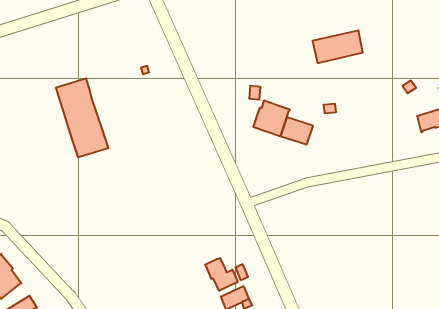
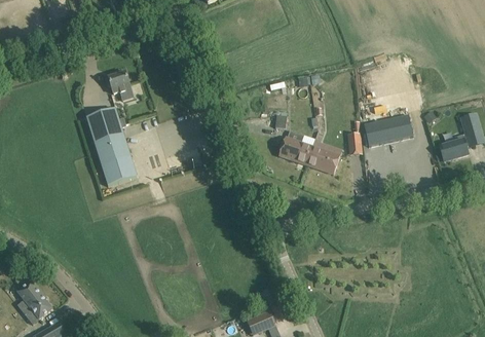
building: [312,30,363,63] -> [363,114,412,146]
building: none -> [104,71,133,100]
building: [205,258,238,291] -> none

